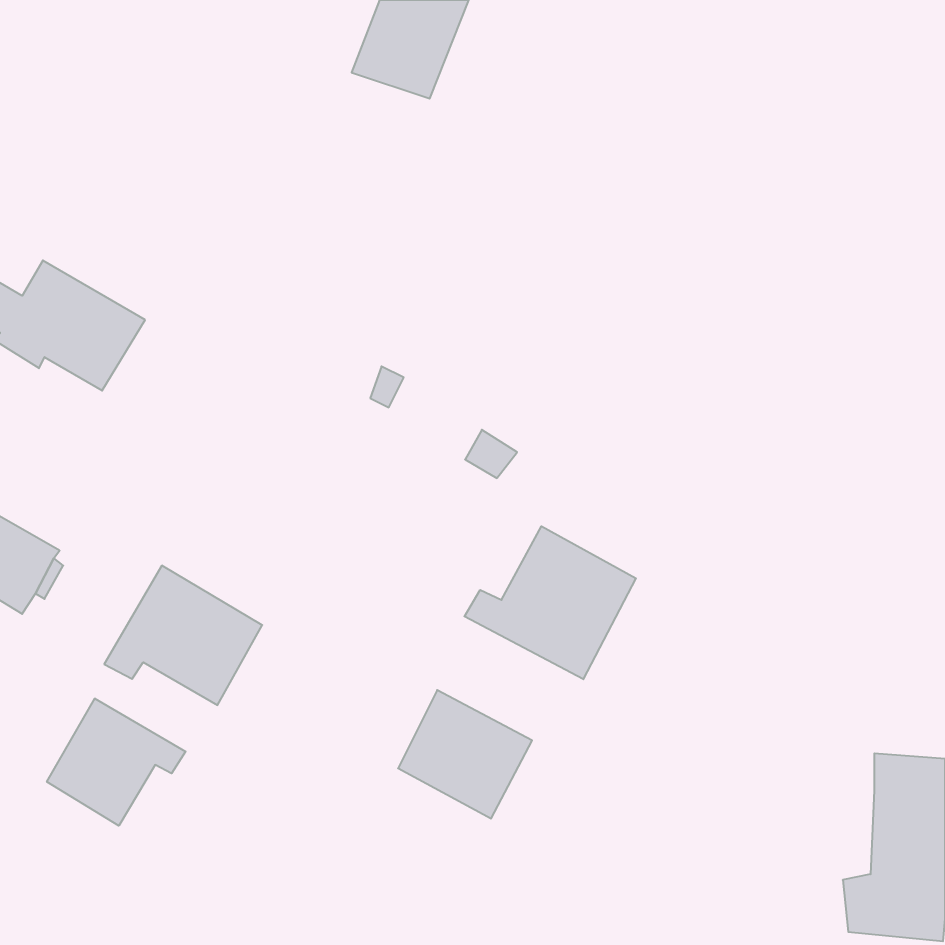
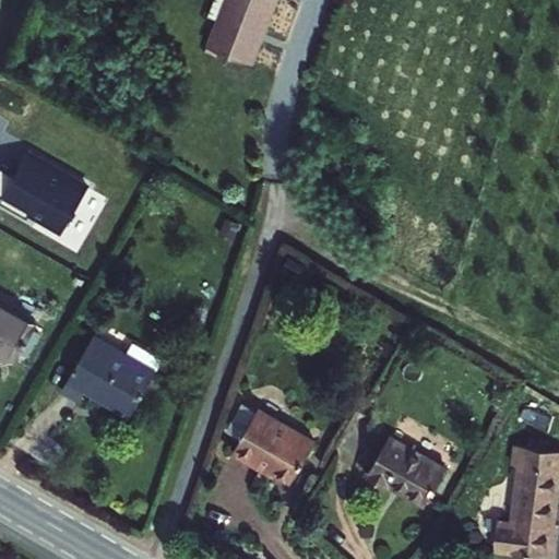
building: [464,526,636,679] -> none
building: [47,698,186,826] -> none
building: none -> [366,433,443,501]

